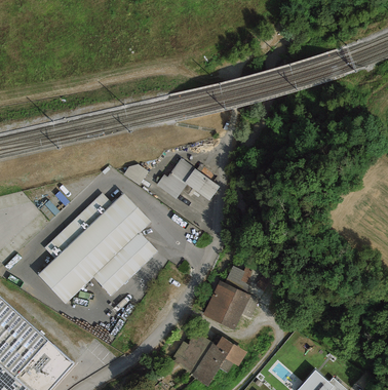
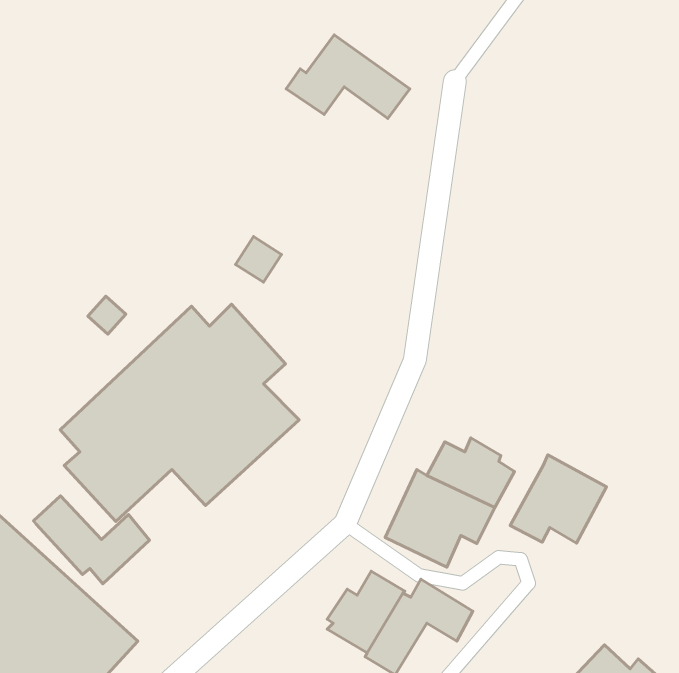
building: [156,156,220,199] -> [286,35,410,119]
building: none -> [510,455,606,543]
building: none -> [34,496,149,584]

